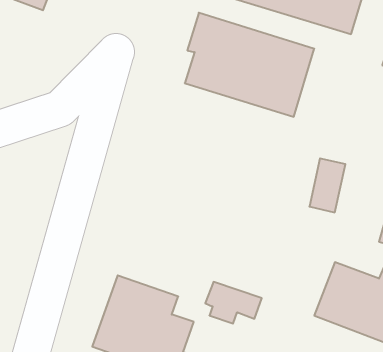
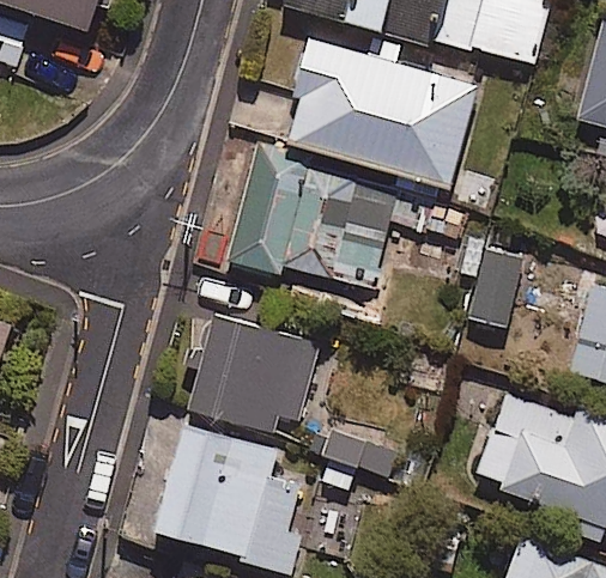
building: none -> [225,150,440,288]
building: none -> [189,314,322,431]

